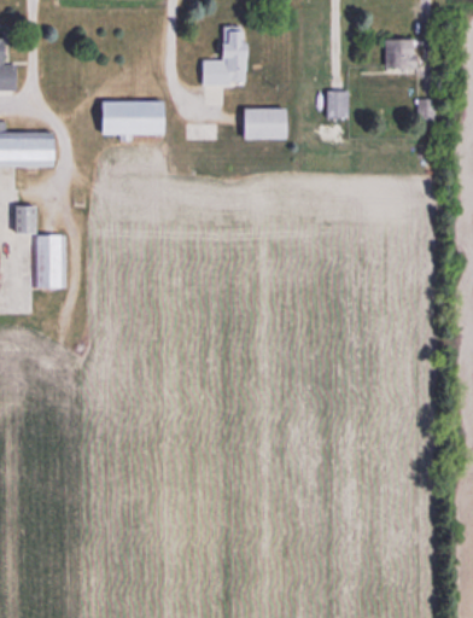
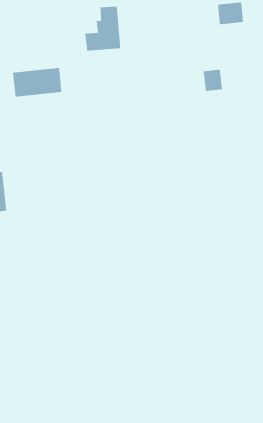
building: [327,91,351,118] -> [203,69,223,91]
building: [239,109,288,139] -> none

